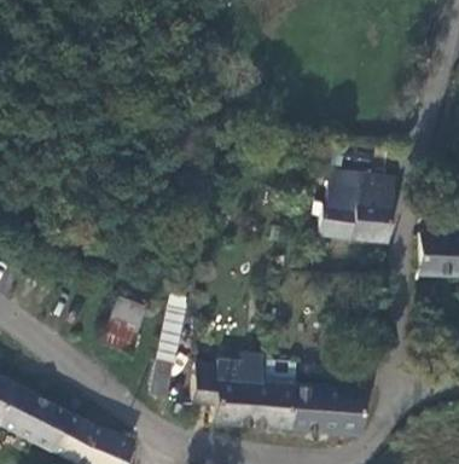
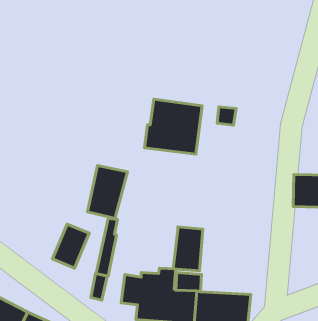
building: [319,172,395,244] -> [145,99,202,154]
building: none -> [87,165,127,219]
building: none -> [173,227,203,271]

